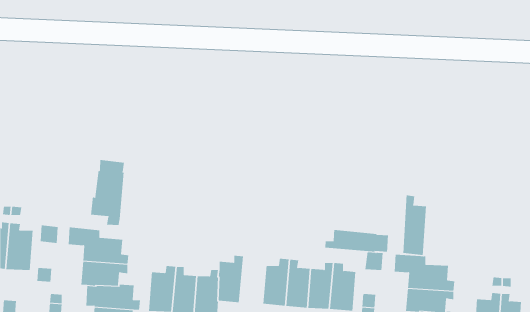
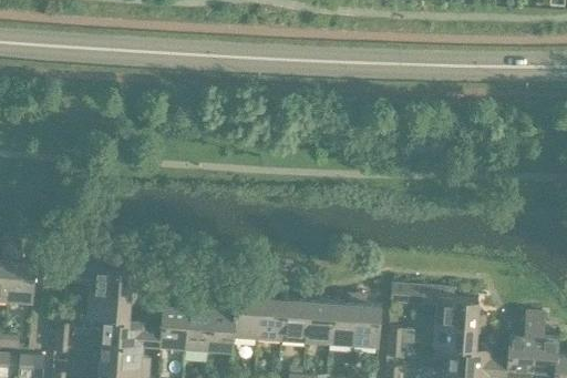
building: [91,159,125,226] -> none
building: [403,194,427,256] -> none
building: [325,229,388,253] -> none
building: none -> [257,288,285,339]

